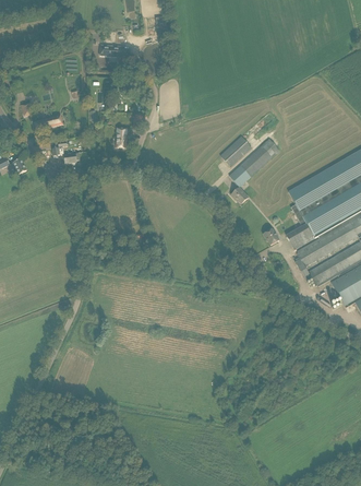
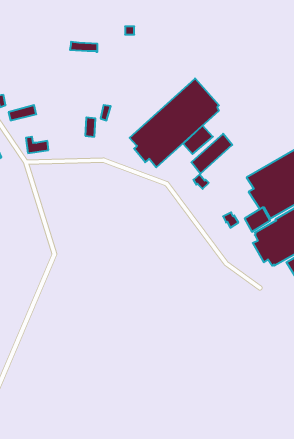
building: none -> [130,78,219,167]

